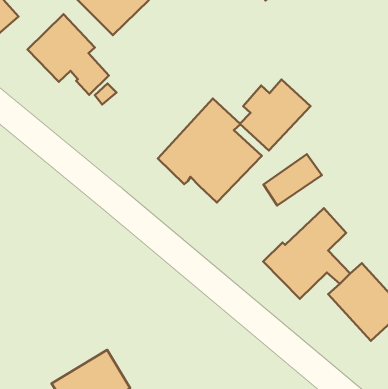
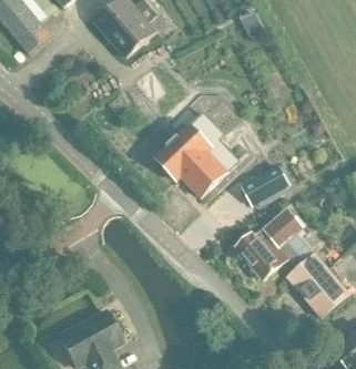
building: [27,14,109,95] -> none
building: [240,79,311,151] -> none

